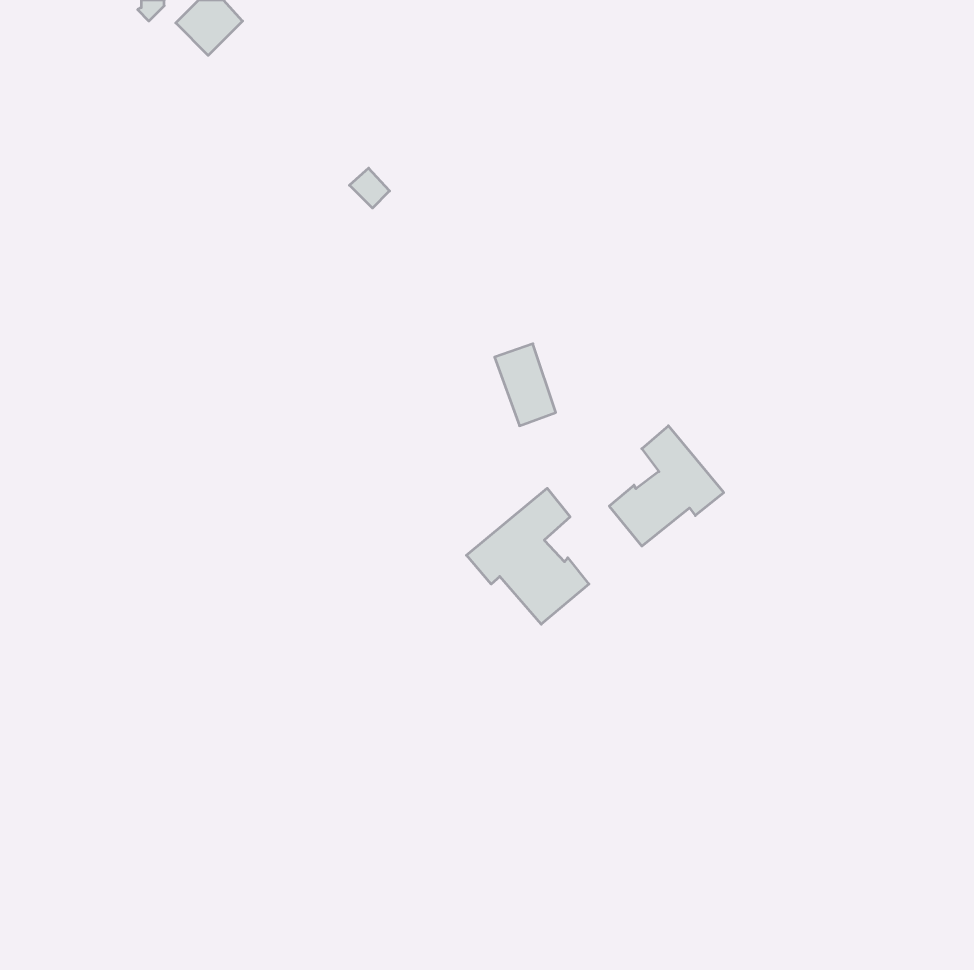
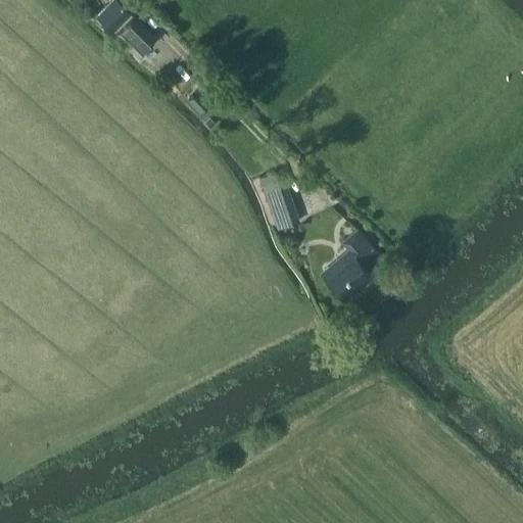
building: none -> [112,15,155,58]
building: [466,488,589,624] -> none

